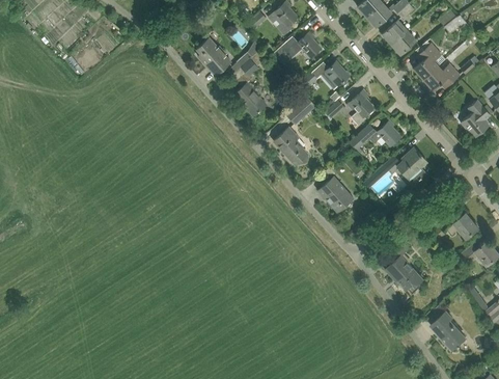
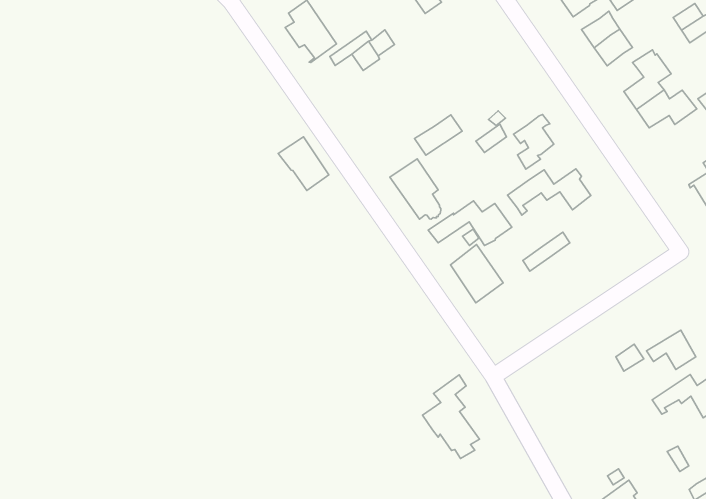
building: [273,31,321,57] -> none
building: [297,61,349,90] -> [428,201,512,245]
building: [232,82,266,115] -> [278,137,329,190]
building: [397,147,427,186] -> none
building: [386,241,423,293] -> [423,375,480,458]

